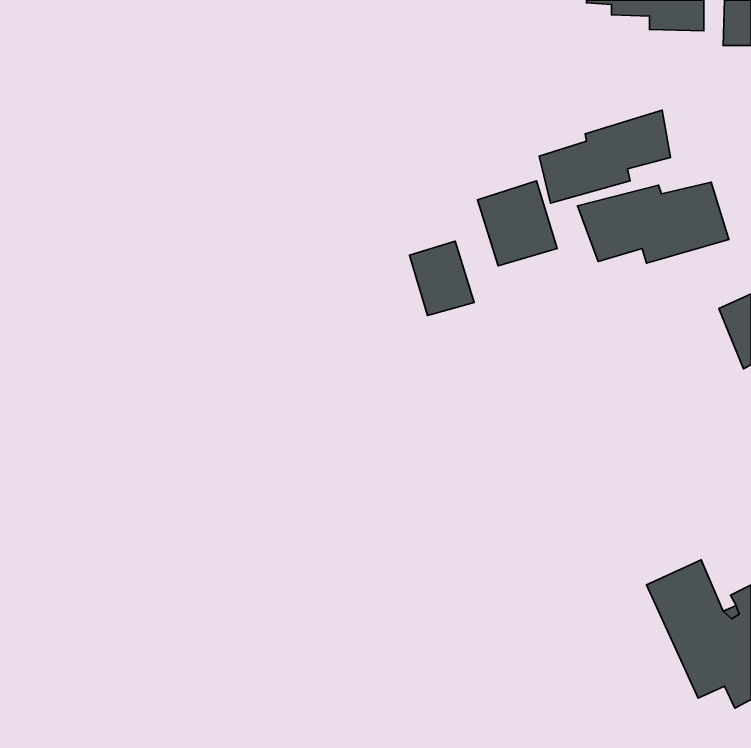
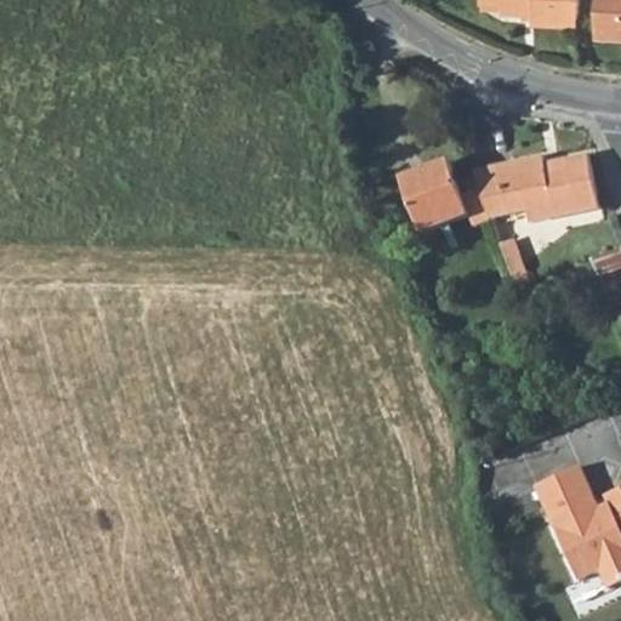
building: [539,110,670,203] -> none
building: [410,241,474,316] -> none

